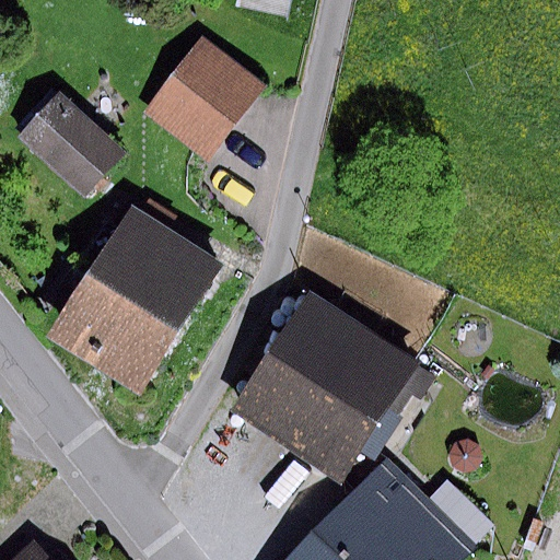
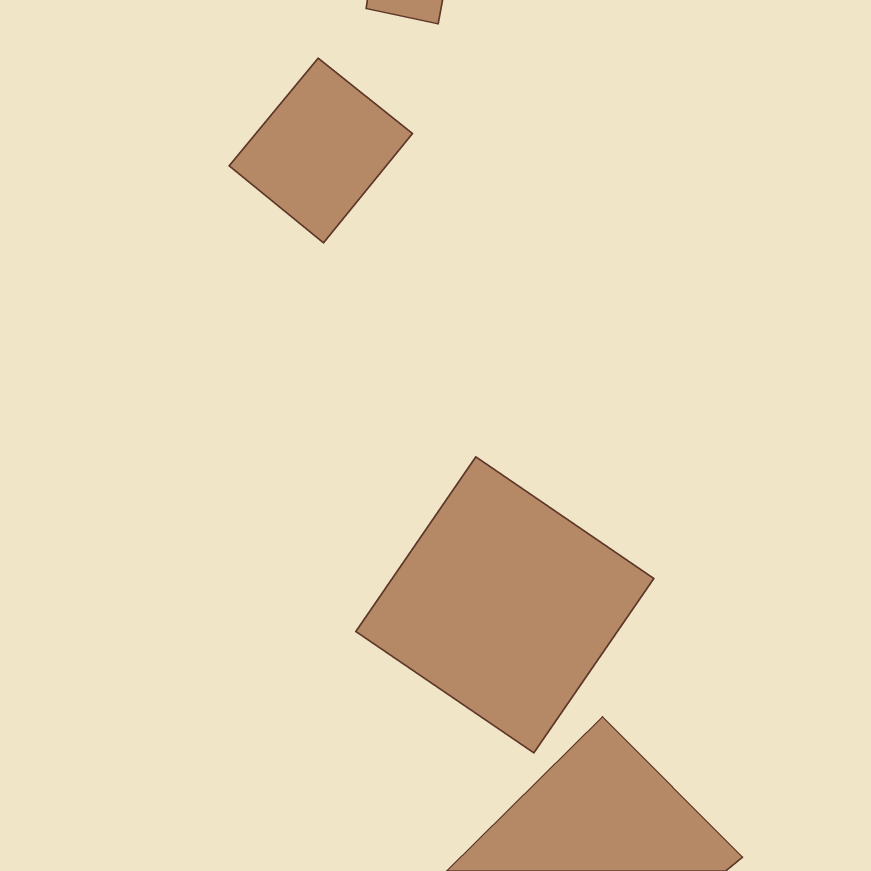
building: [23,93,124,194] -> none
building: [46,205,220,394] -> none

